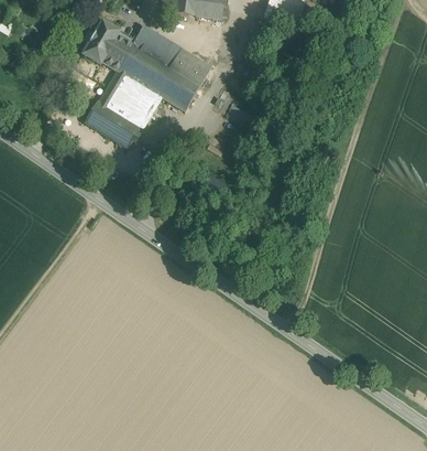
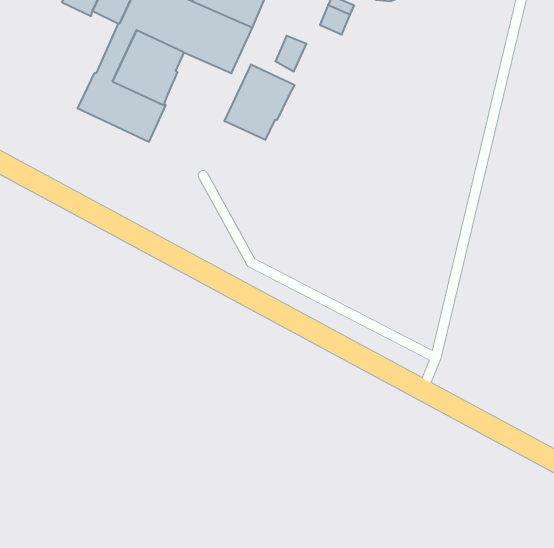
building: none -> [224,64,295,140]

